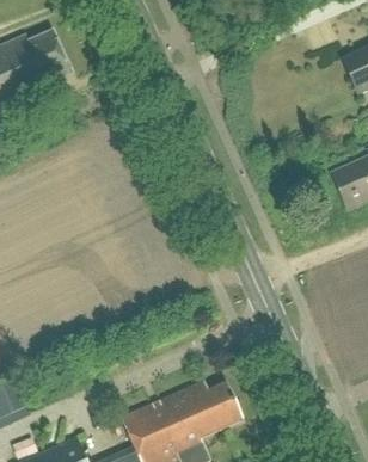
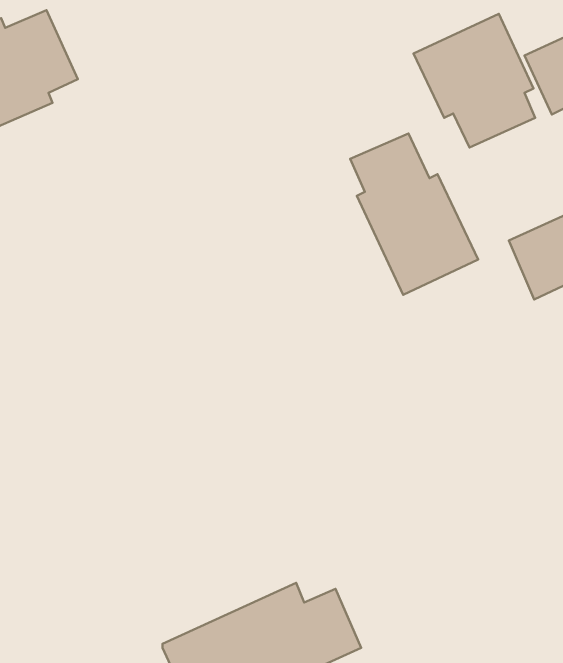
building: none -> [413,14,535,147]
building: none -> [350,133,478,295]

